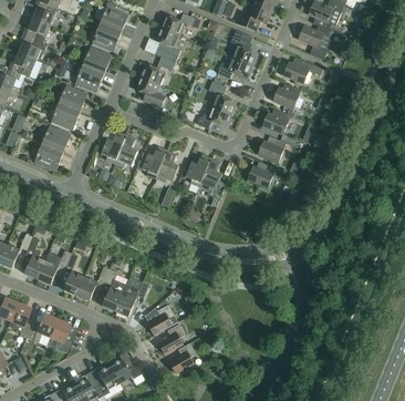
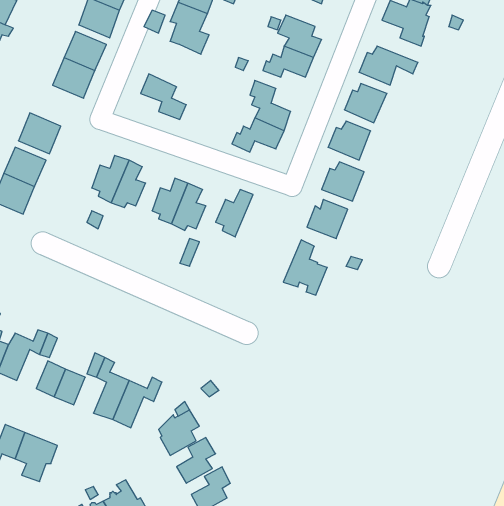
building: [139,55,175,84] -> none
building: [59,84,86,111] -> none
building: [198,157,228,195] -> [283,240,327,295]

